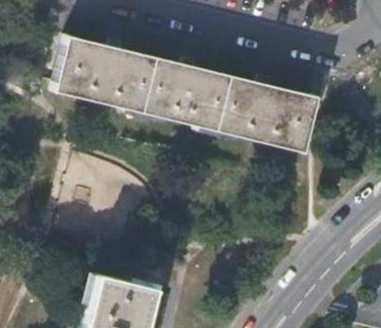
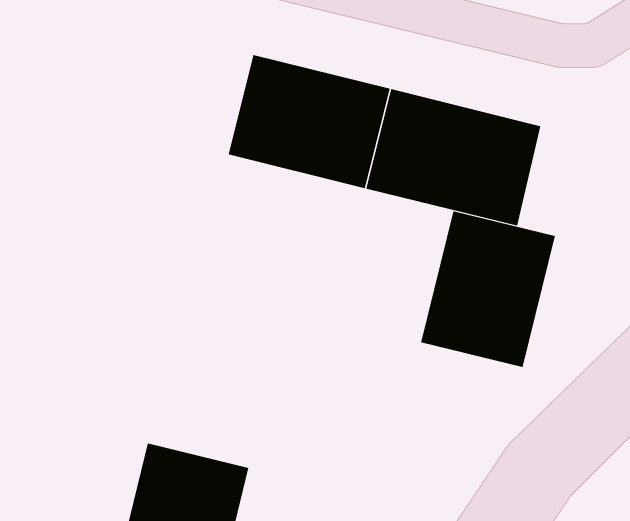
building: [52,35,153,112] -> none
building: none -> [420,211,556,368]

